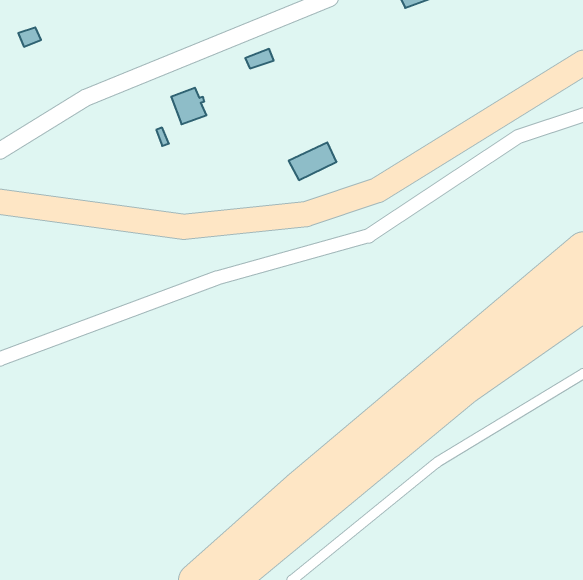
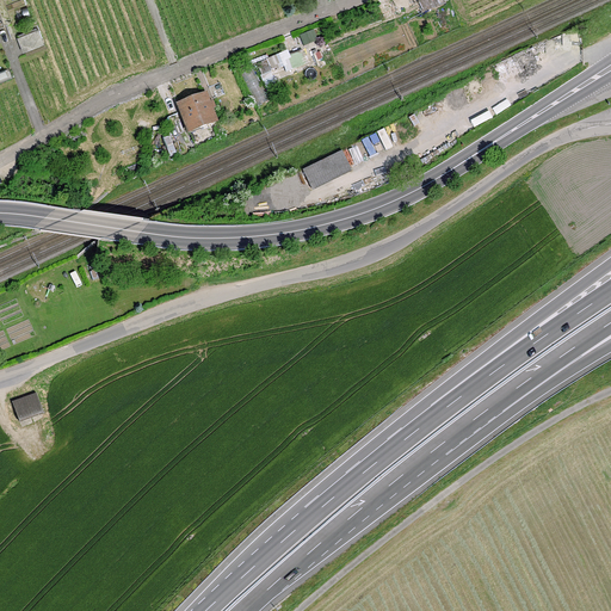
building: none -> [12,390,43,420]

